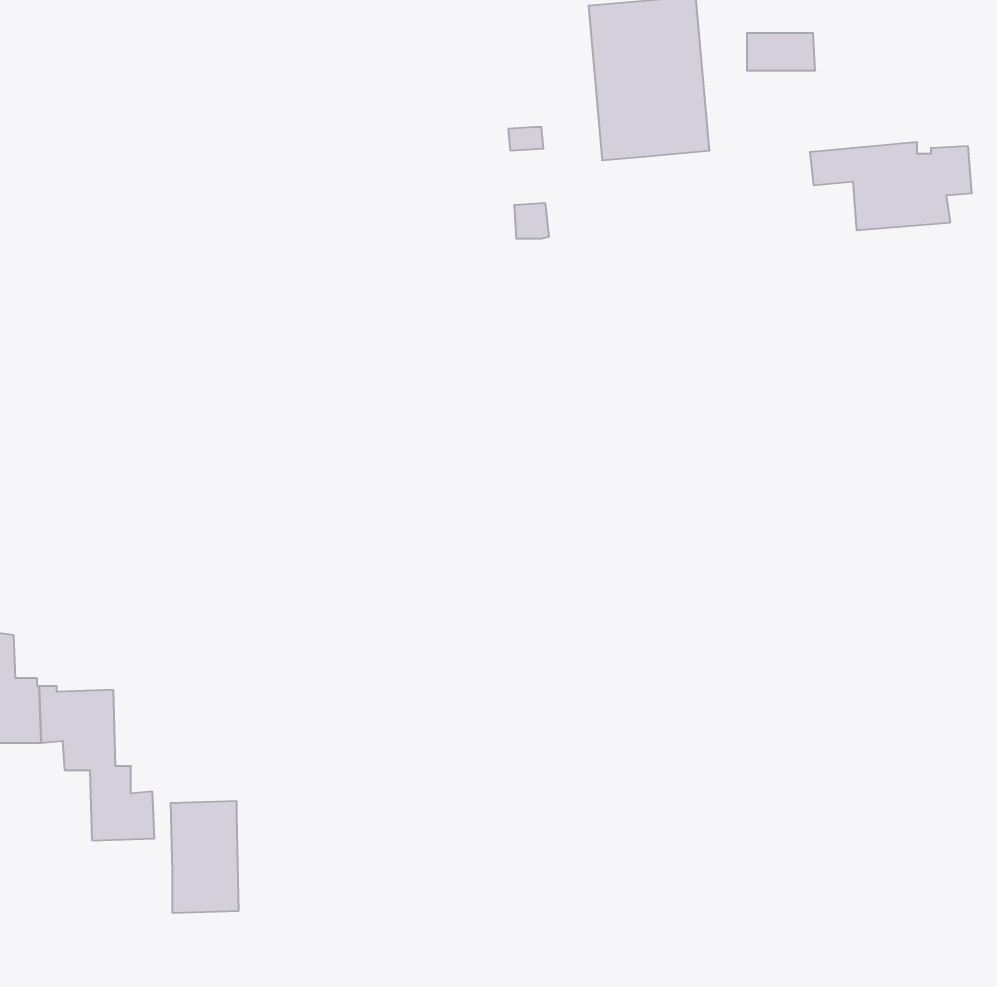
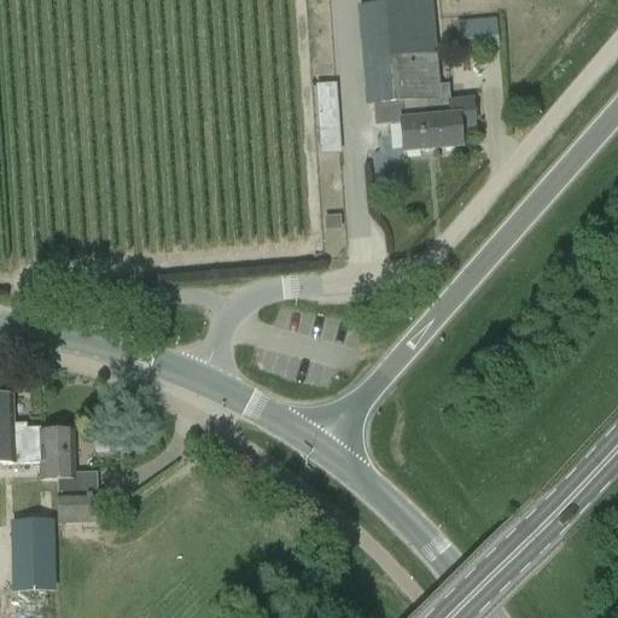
building: [810,142,972,230] -> [372,93,472,147]
building: [170,801,239,913] -> [12,517,54,585]

